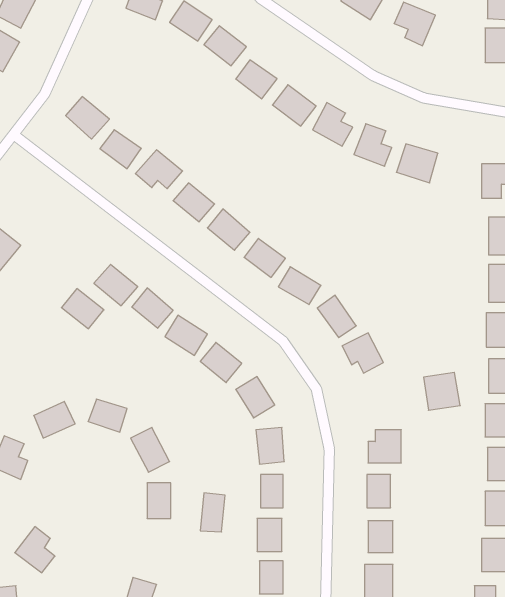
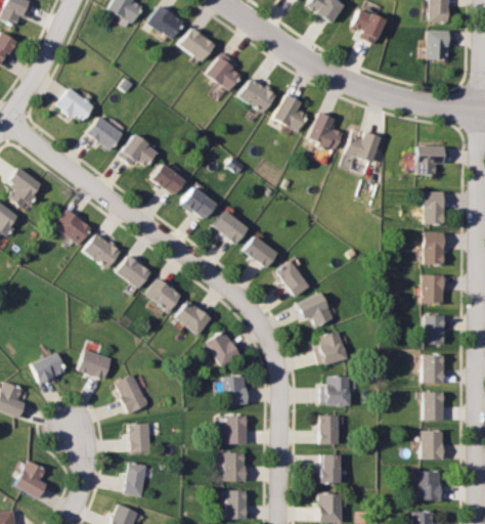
building: none -> [8,167,43,210]
building: [61,289,104,329] -> [55,210,92,245]
building: [424,372,460,410] -> [314,332,346,364]
building: [200,493,225,532] -> [124,463,145,496]

